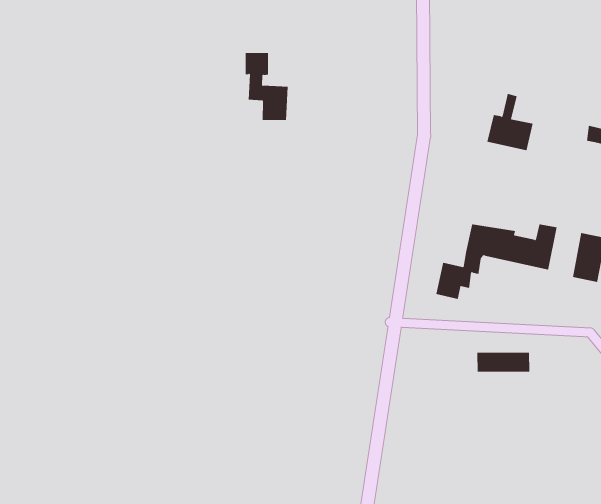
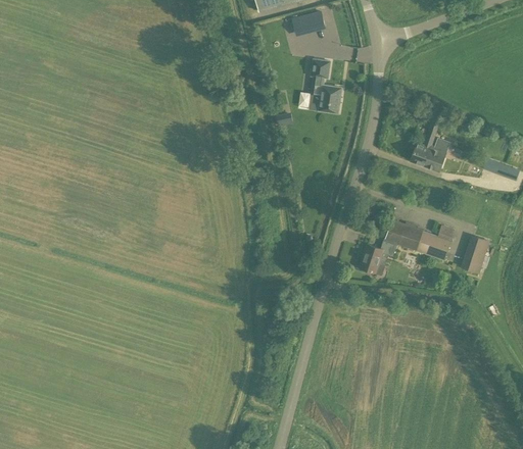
building: [245,52,288,121] -> [312,59,342,112]
building: [477,352,530,372] -> none

